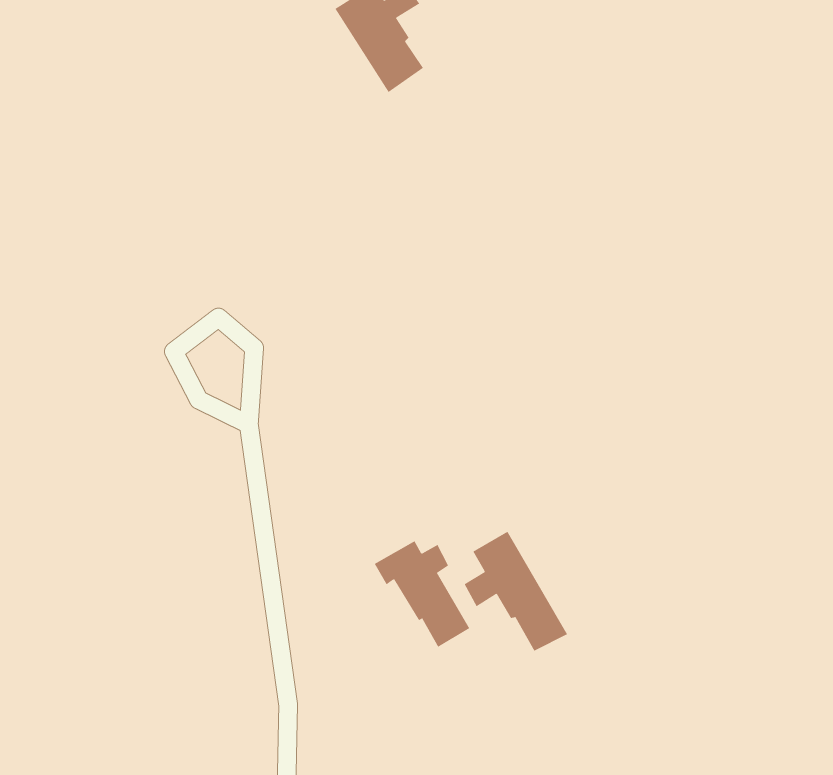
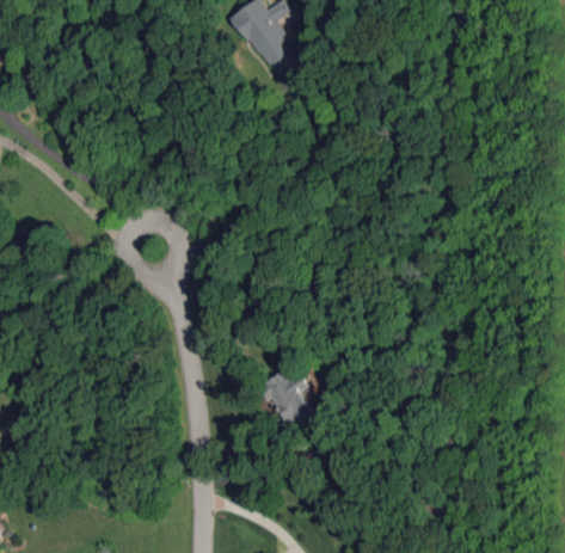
building: [464,531,568,652] -> none

